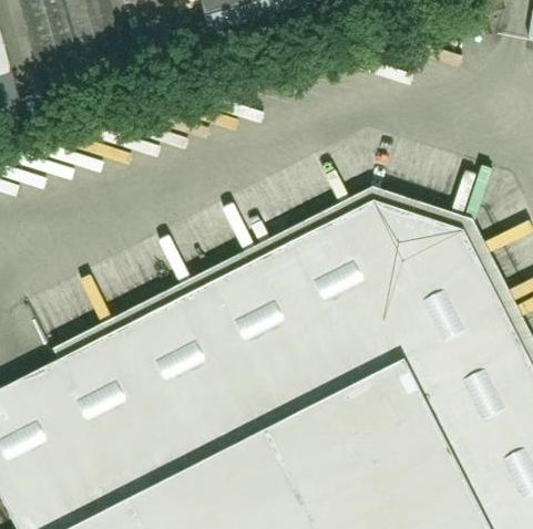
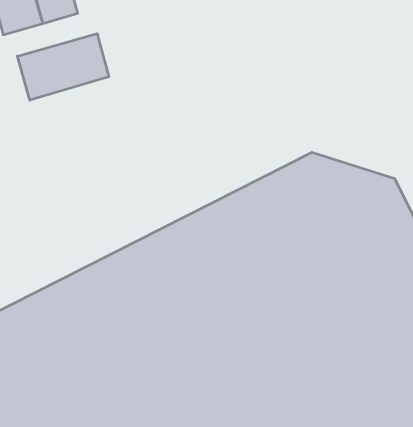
building: none -> [17,34,109,100]

